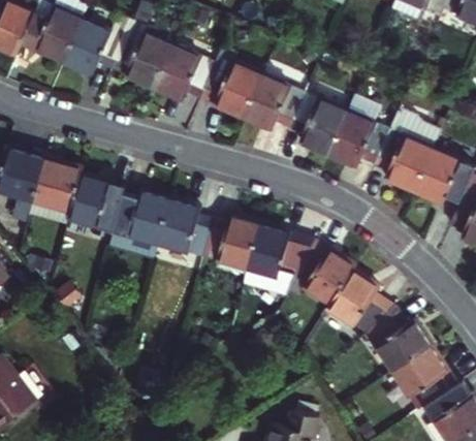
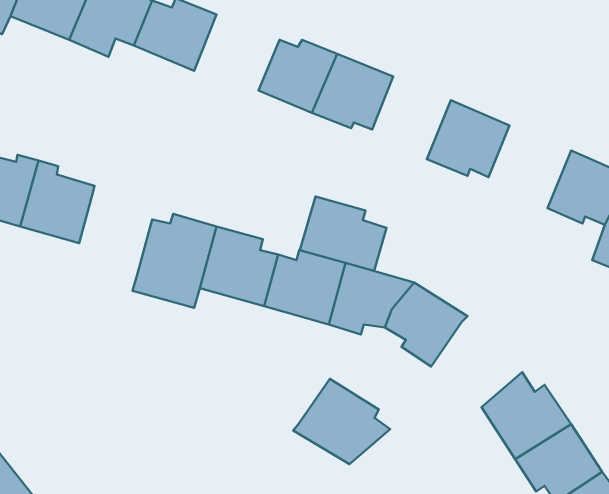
building: [156,44,219,100] -> none
building: [287,90,345,151] -> none
building: [373,126,434,187] -> none
building: [69,175,125,233] -> none
building: none -> [300,197,386,271]
building: [326,271,398,334] -> [293,379,390,464]

